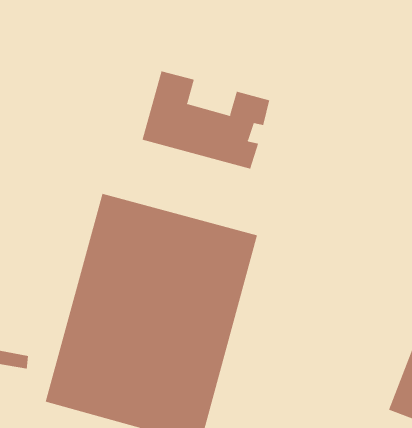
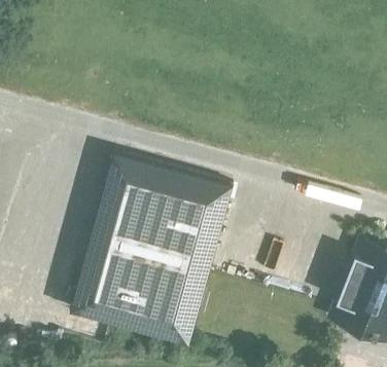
building: [142,70,270,169] -> none

